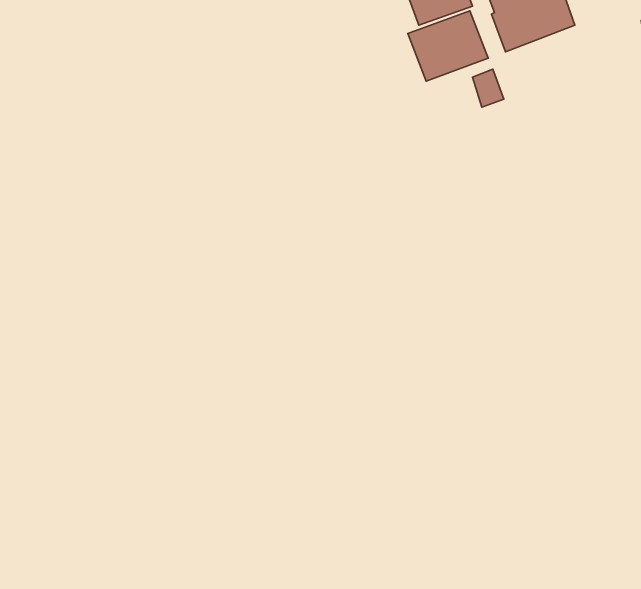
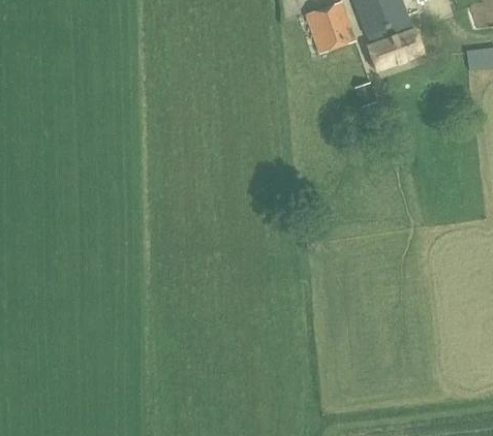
building: [408,11,488,81] -> none

